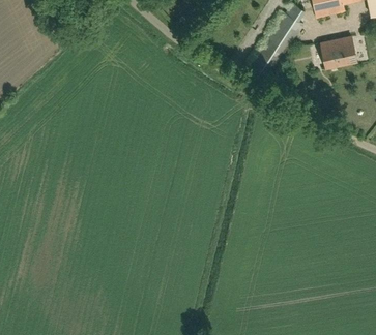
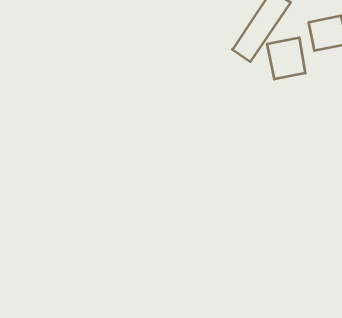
building: none -> [267,38,305,79]

